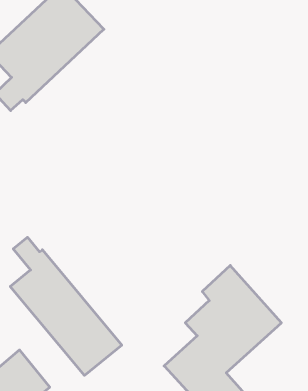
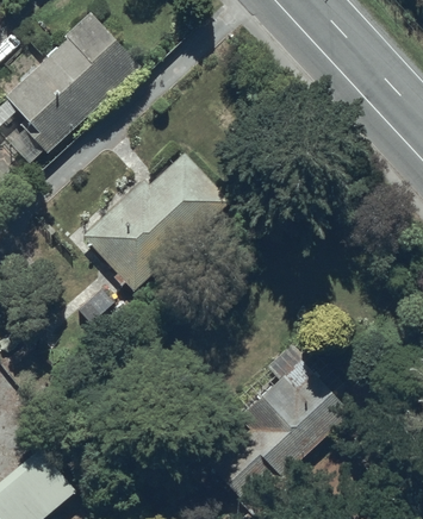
building: none -> [82,151,232,290]
building: [10,237,122,375] -> none

